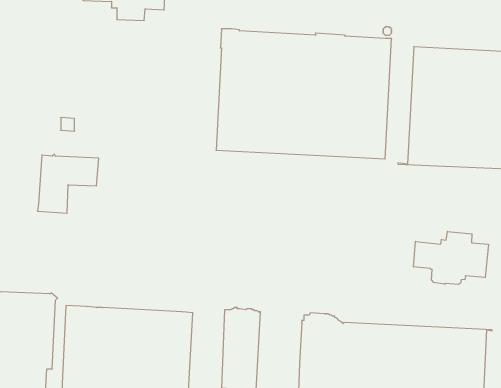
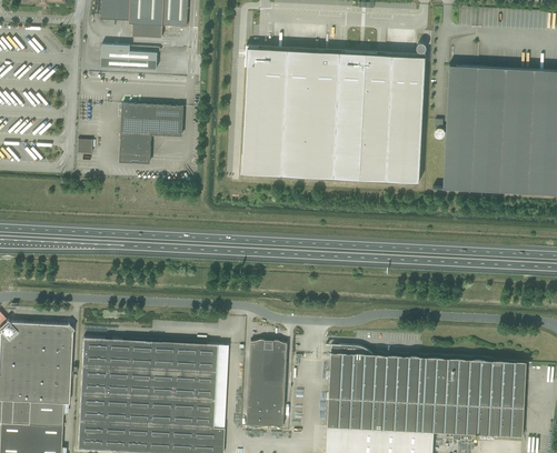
building: none -> [101,44,161,70]
building: [37,154,99,213] -> [119,103,183,165]
building: [413,231,488,284] -> none

